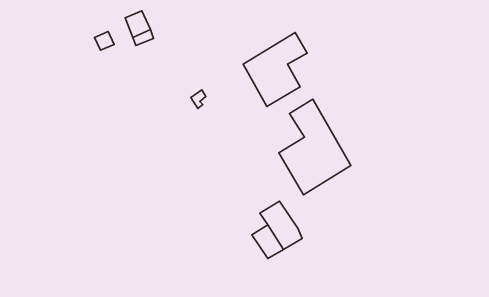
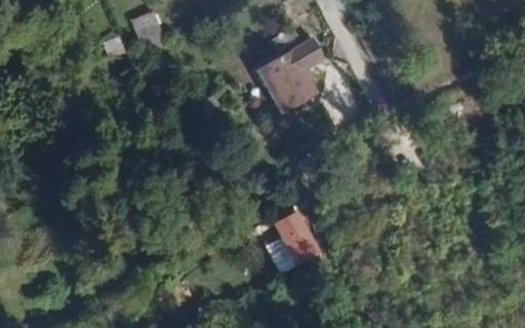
building: [279,99,351,195] -> none

